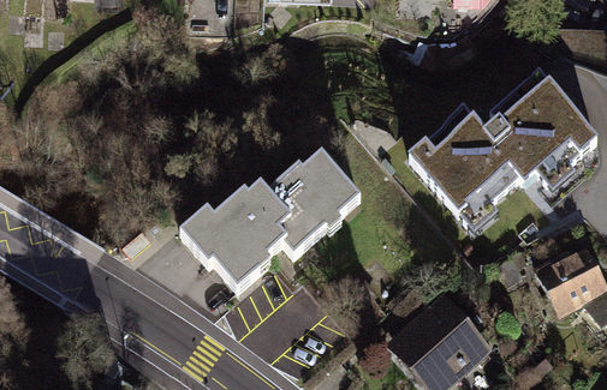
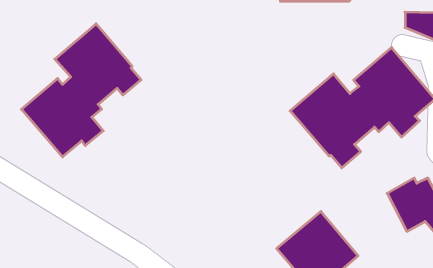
building: none -> [21,24,141,157]
building: [183,149,363,288] -> none

